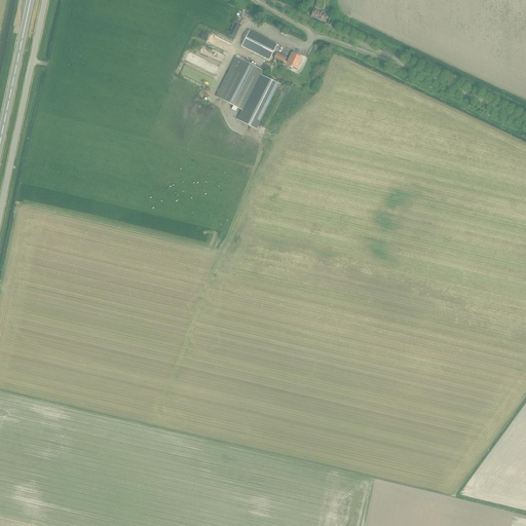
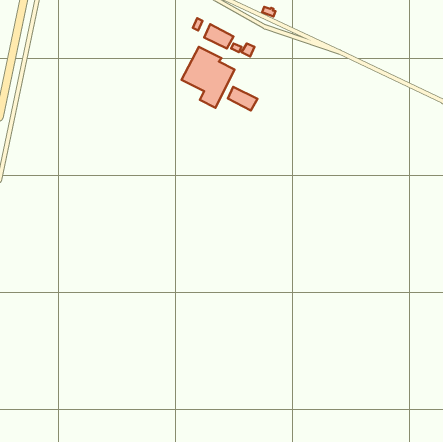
building: none -> [228,87,257,111]

